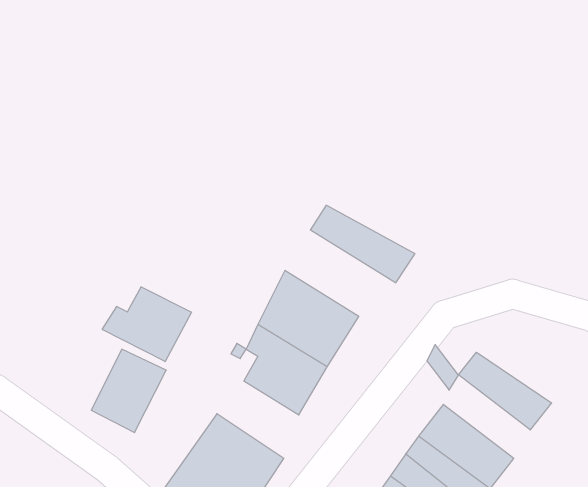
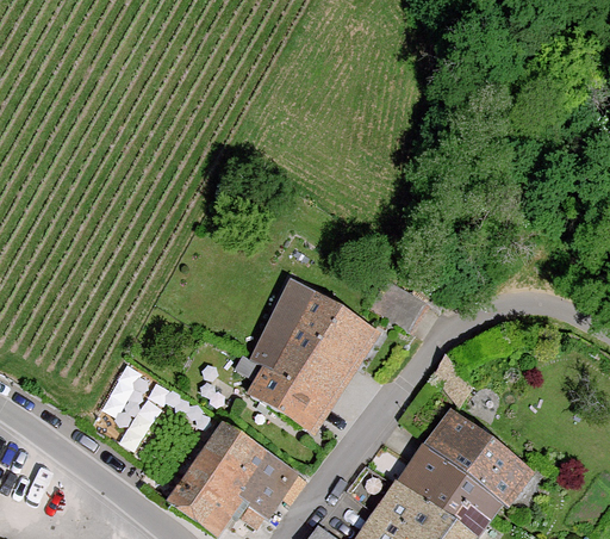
building: [310,205,415,283] -> none
building: [102,287,191,362] -> none
building: [458,352,552,430] -> none

